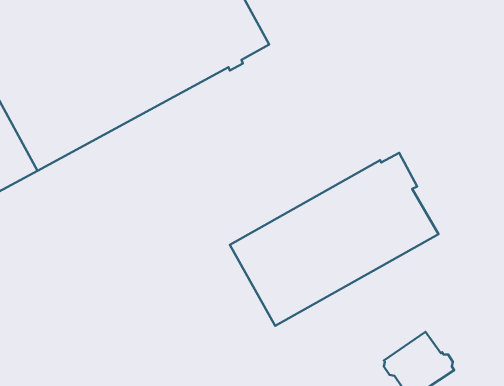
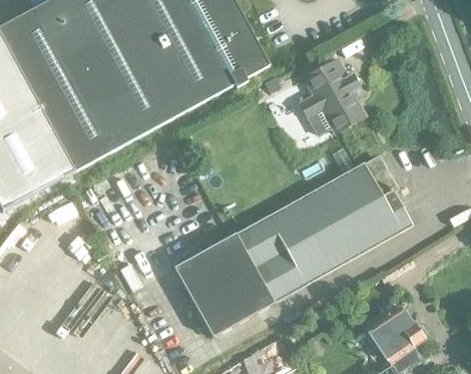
building: none -> [297,58,366,134]
building: none -> [174,234,274,336]

